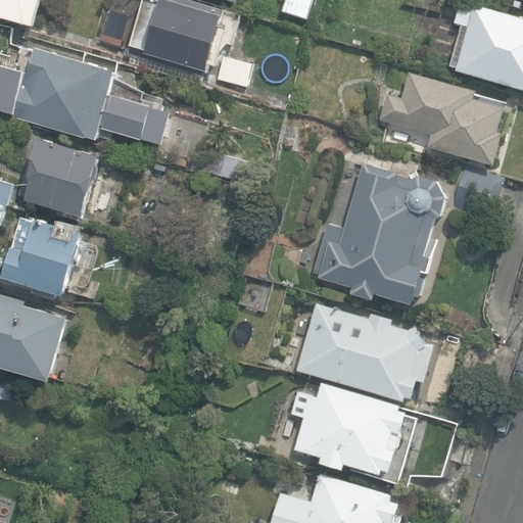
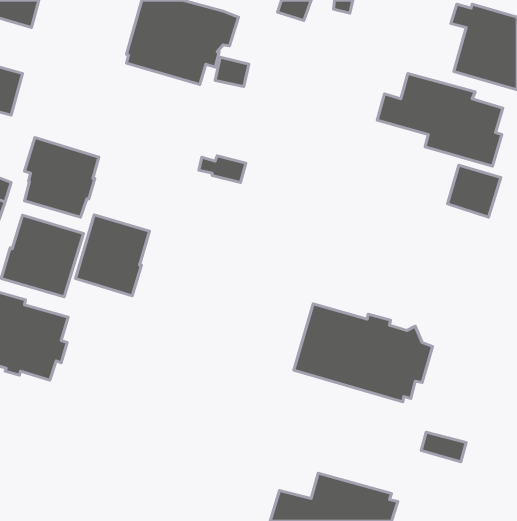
building: [12,48,172,146] -> none
building: [308,163,445,307] -> none
building: none -> [76,215,149,296]
building: [289,382,415,483] -> none

